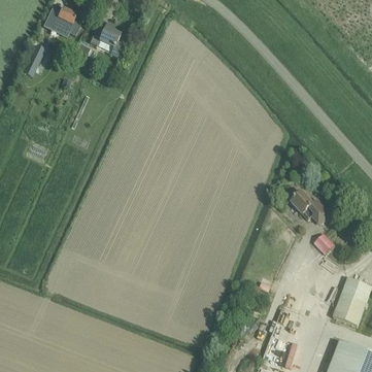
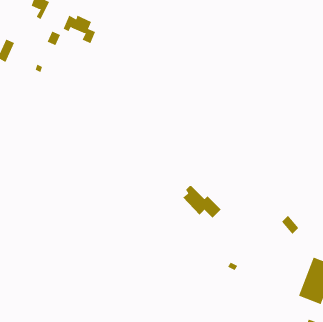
building: [289,188,329,222] -> [182,185,221,218]

